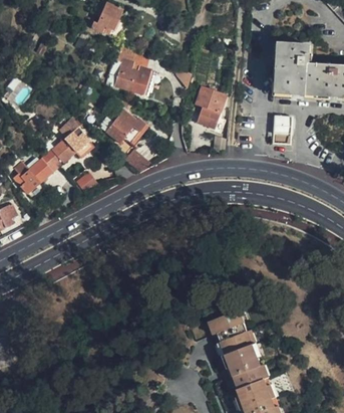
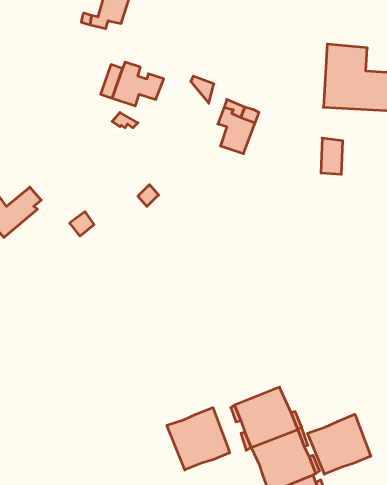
building: [101,110,150,146] -> none
building: [48,127,95,167] -> none
building: none -> [167,408,230,470]
building: none -> [308,414,371,474]

